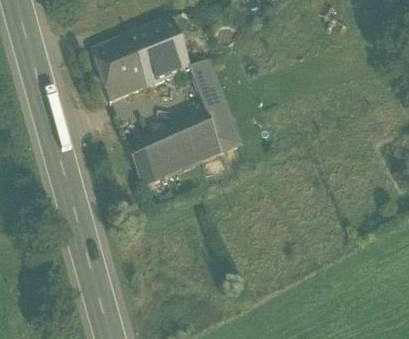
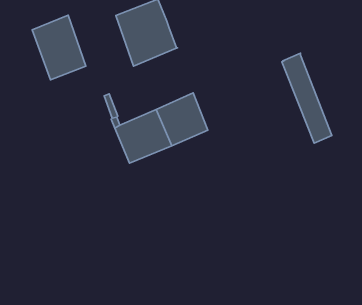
building: [91,33,146,99] -> [32,15,86,80]
building: [189,58,240,150] -> [282,53,332,143]

